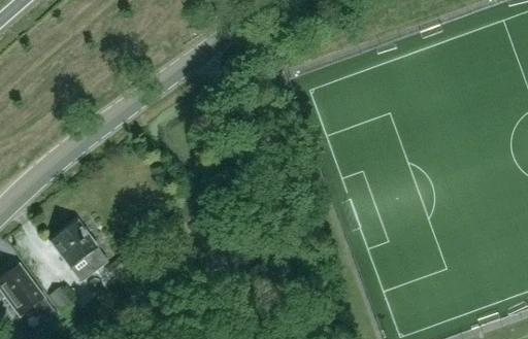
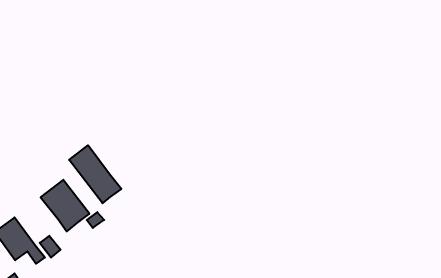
building: none -> [69,145,121,203]

